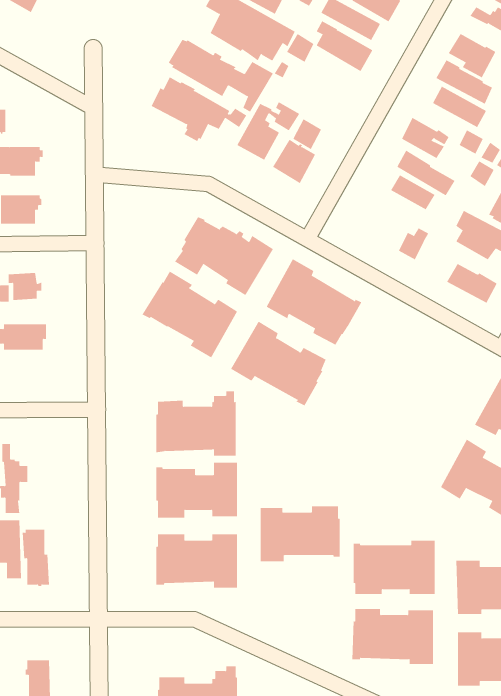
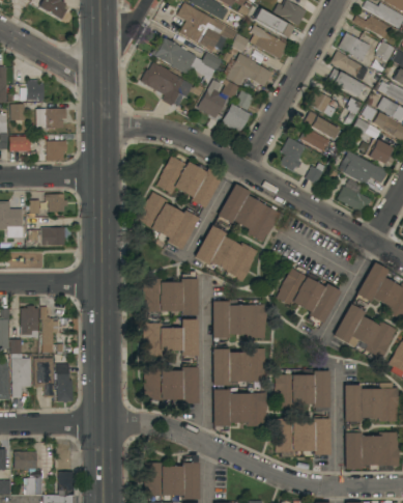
building: none -> [227,53,272,87]
building: none -> [281,138,307,171]
building: none -> [277,268,341,329]
building: none -> [212,300,267,338]
building: none -> [213,390,268,434]

